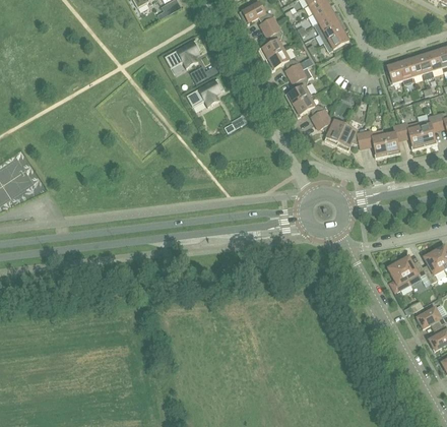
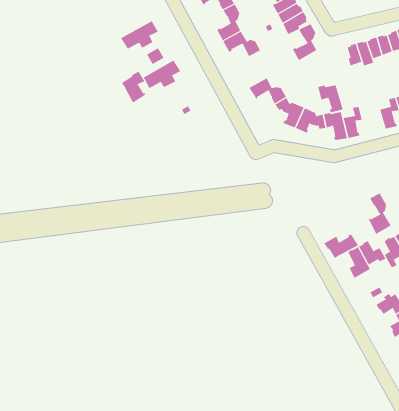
building: [284,68,309,105] -> [292,23,317,61]
building: none -> [121,70,146,103]
building: [399,121,425,148] -> [318,85,343,113]
building: none -> [368,192,391,235]
building: none -> [324,234,359,259]

